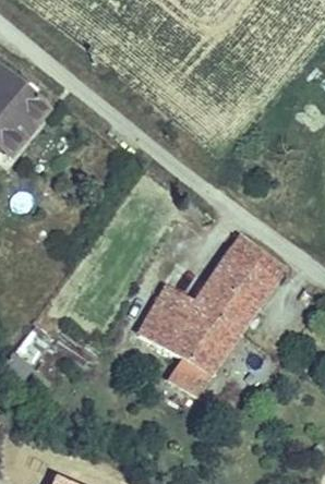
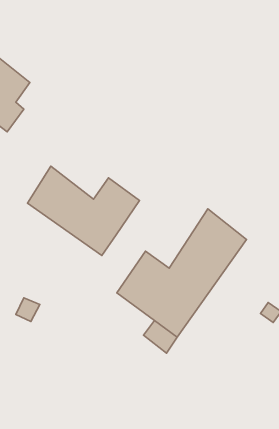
building: none -> [27,166,140,256]

